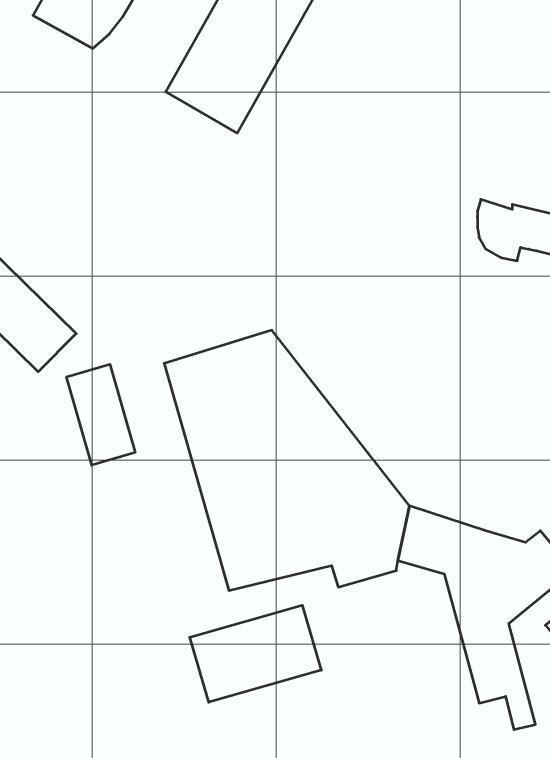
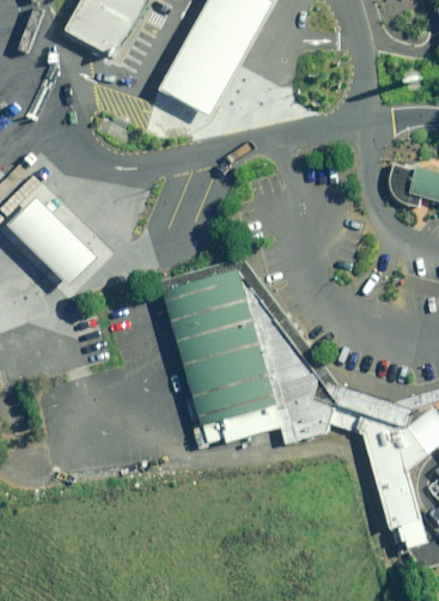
building: [67,364,135,465] -> none
building: [190,605,321,702] -> none

